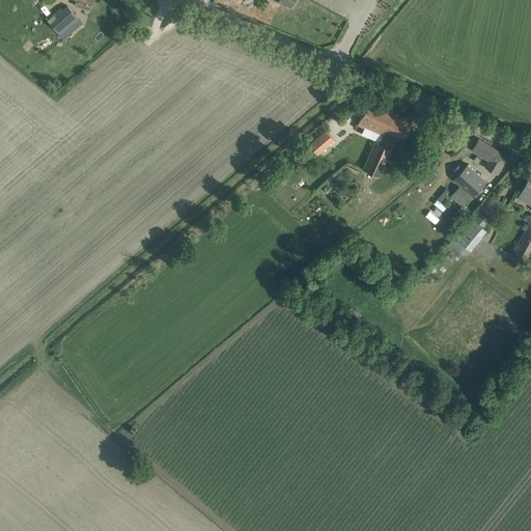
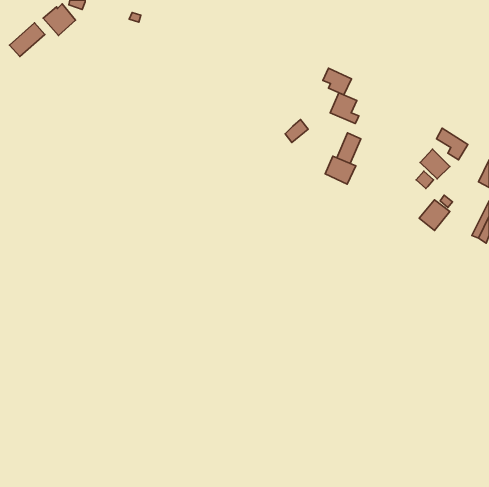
building: none -> [10,23,45,57]
building: [381,111,412,140] -> [323,68,351,95]
building: none -> [325,156,356,184]

